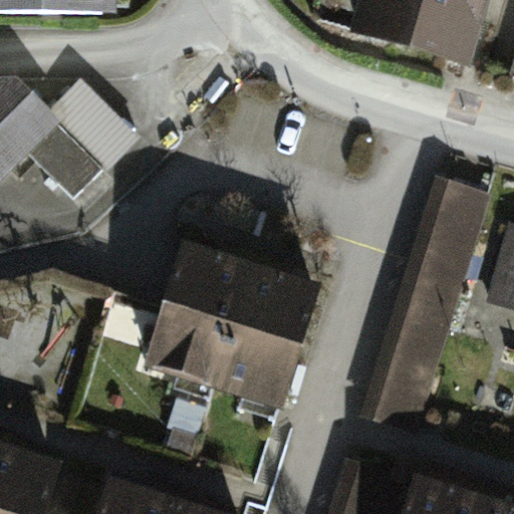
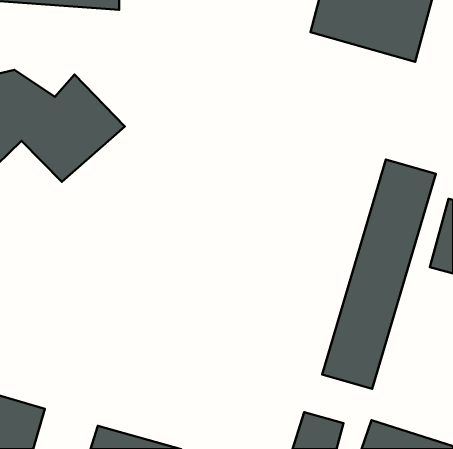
building: [155,240,324,403] -> none

